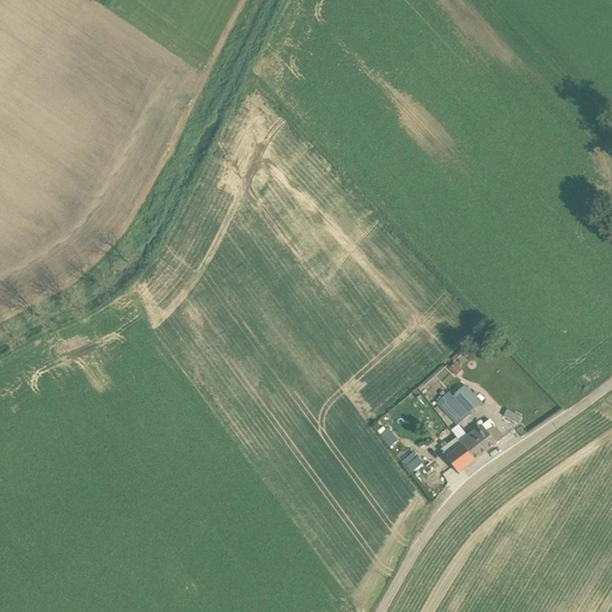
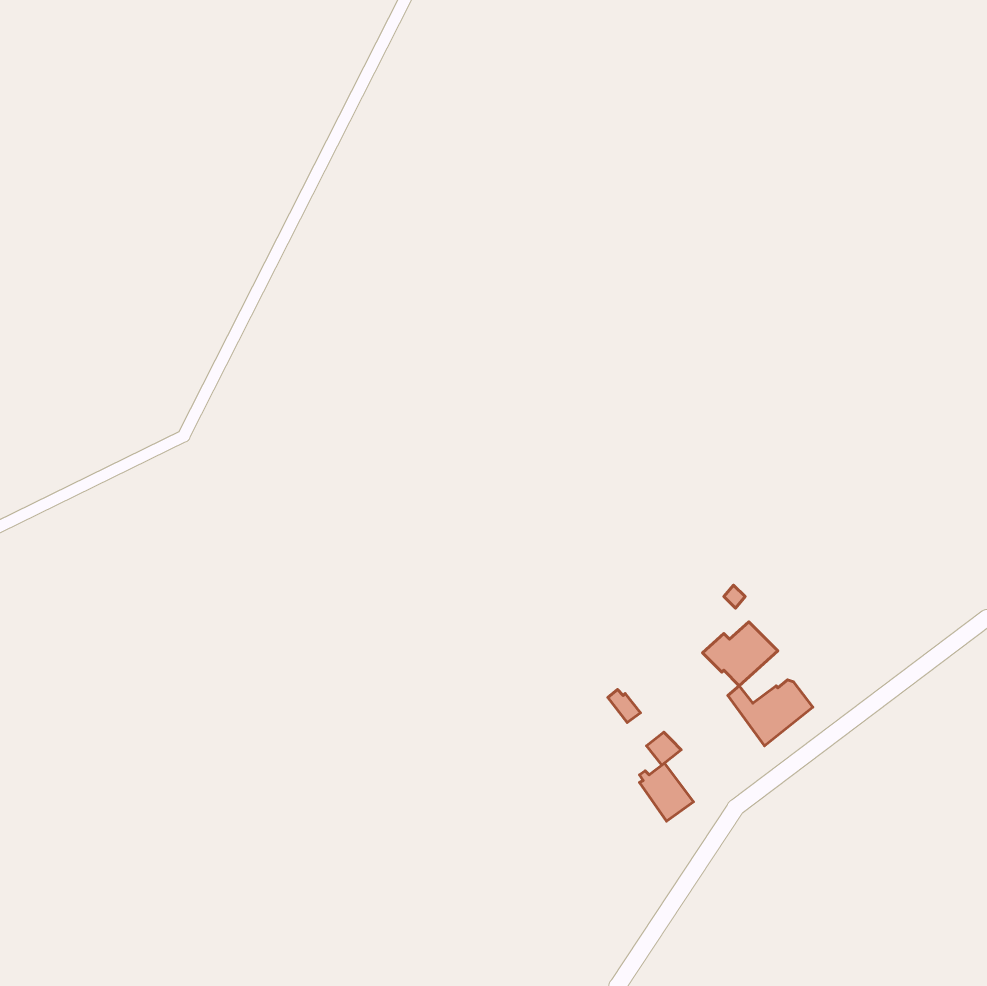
building: [439,436,472,472] -> [639,763,694,821]

